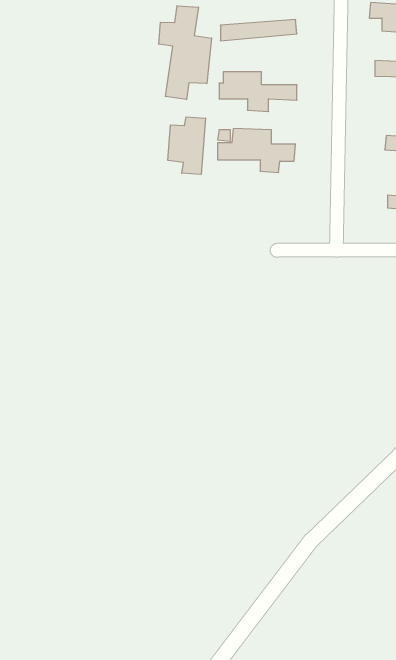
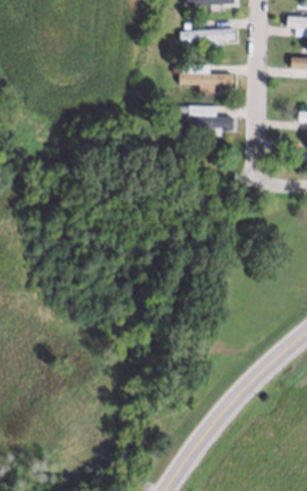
building: [159,6,212,100] -> none
building: [168,117,205,174] -> none

